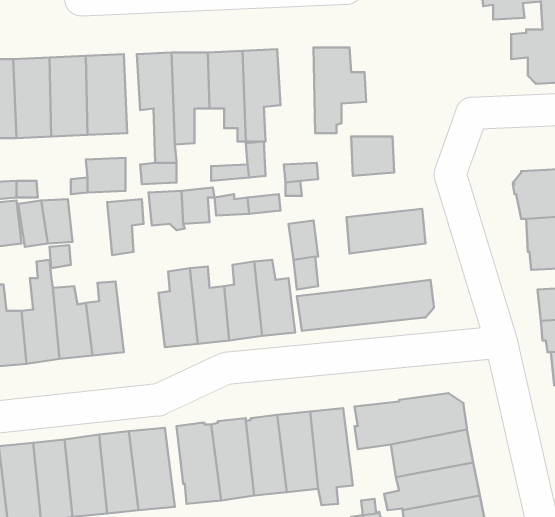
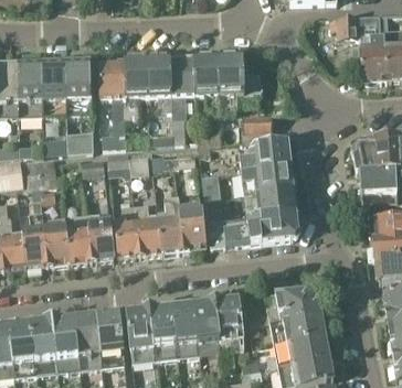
building: none -> [193,56,219,117]
building: none -> [236,139,290,170]
building: none -> [242,187,296,218]
building: none -> [85,211,114,260]

